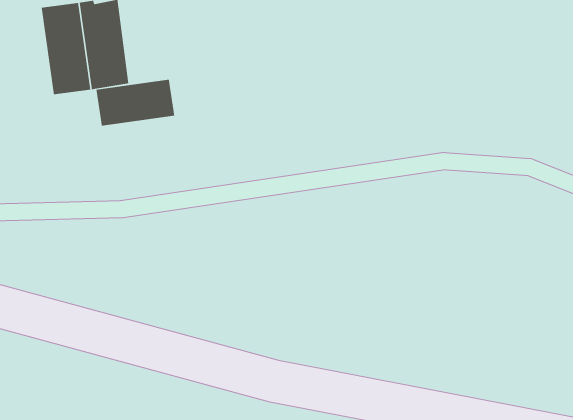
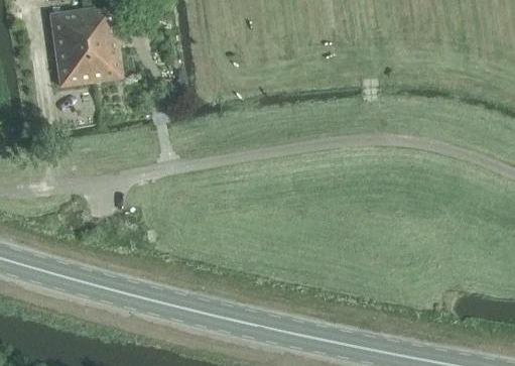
building: [96,79,175,127] -> none

